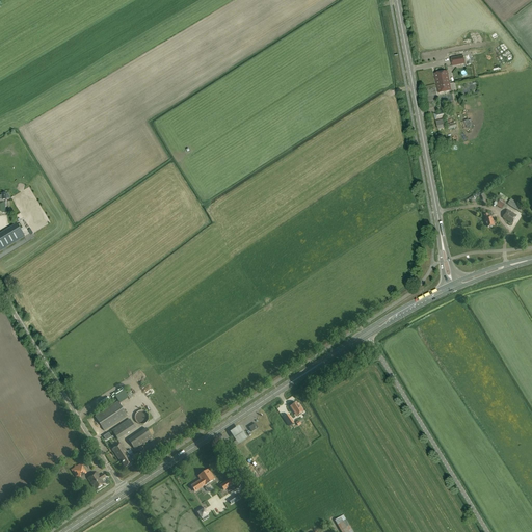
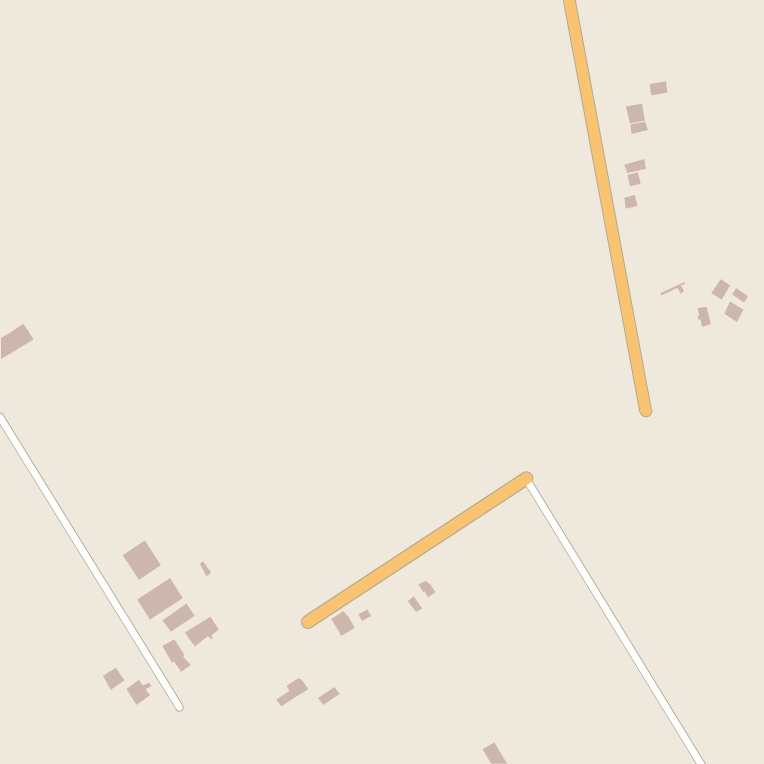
building: none -> [122,539,162,581]

